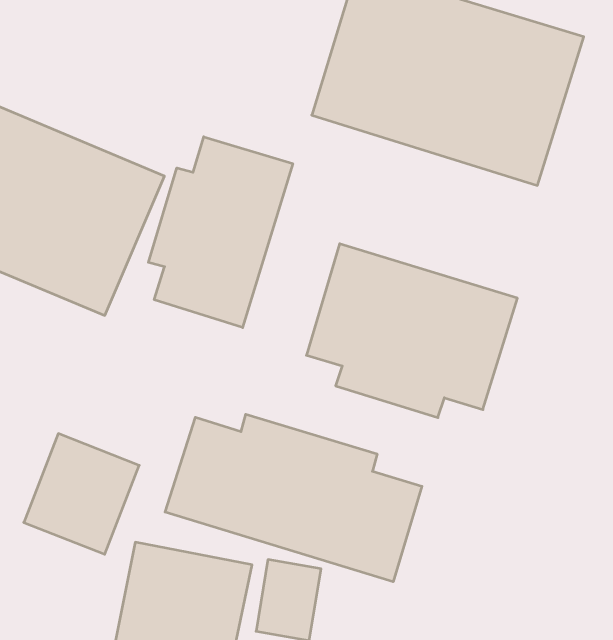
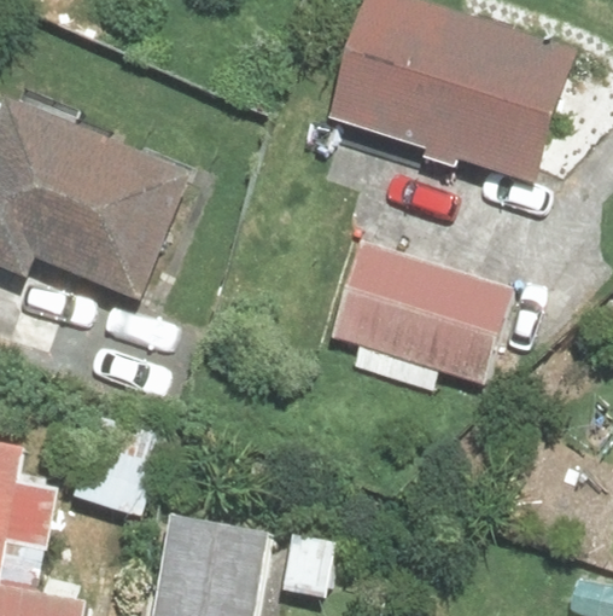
building: [148,137,293,328] -> none
building: [165,414,422,582] -> none

